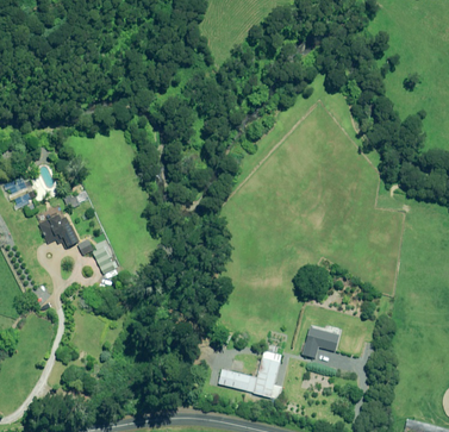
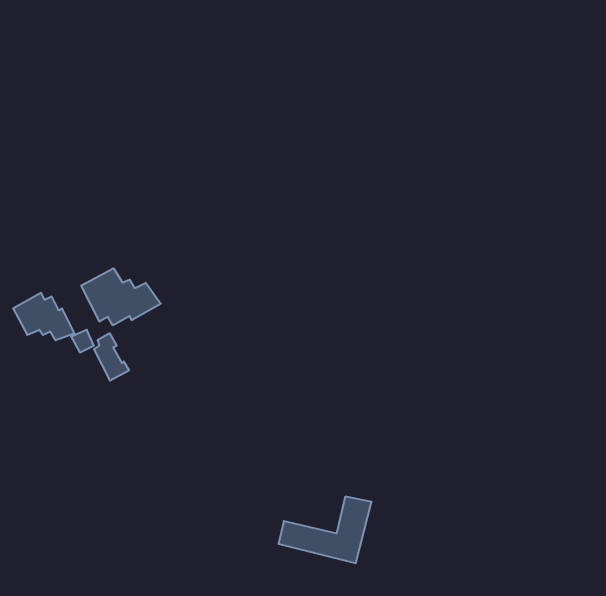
building: none -> [81,268,161,325]
building: [303,326,339,358] -> none

